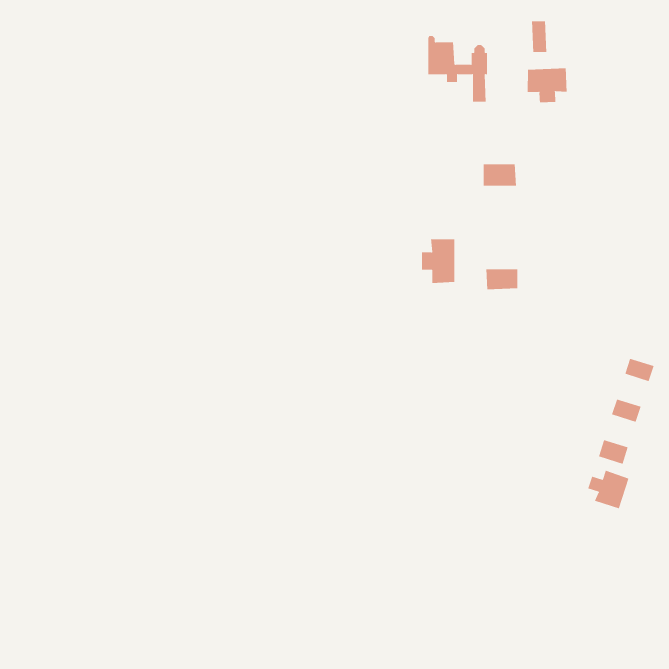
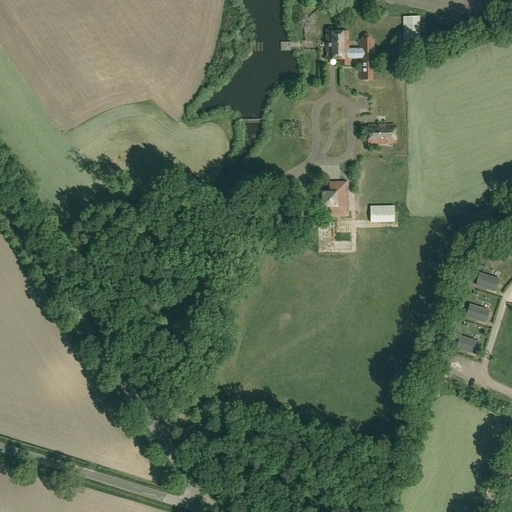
building: [527,68,567,103] -> none
building: [588,470,629,509] -> none

